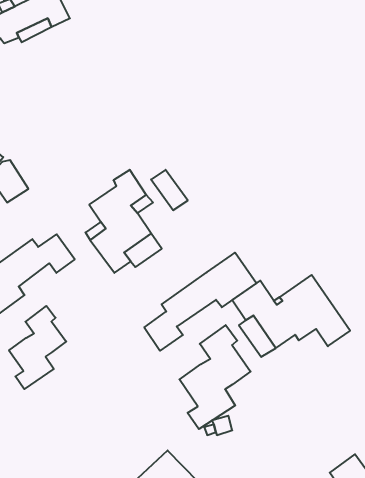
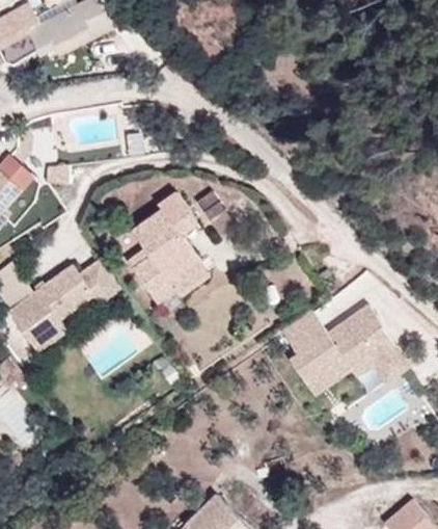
building: [144,253,256,351] -> none
building: [9,306,66,389] -> none
building: [179,325,251,429] -> none

